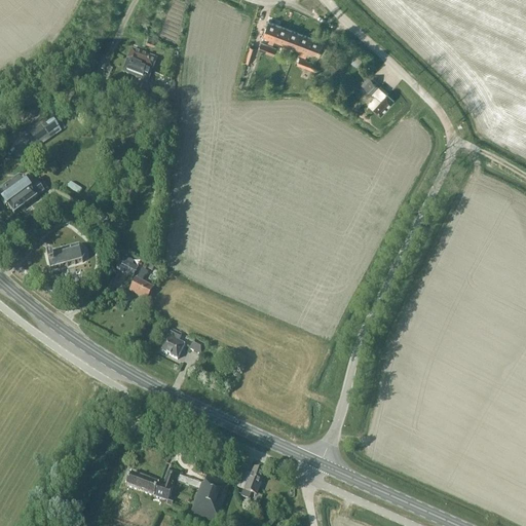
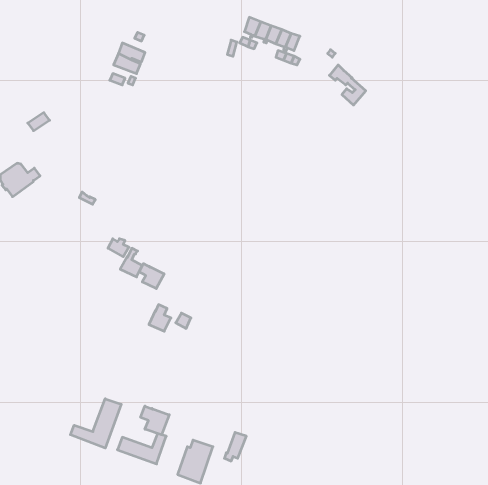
building: [45,242,86,267] -> none
building: none -> [139,264,164,289]
building: none -> [70,399,121,448]
building: none -> [141,406,169,435]

